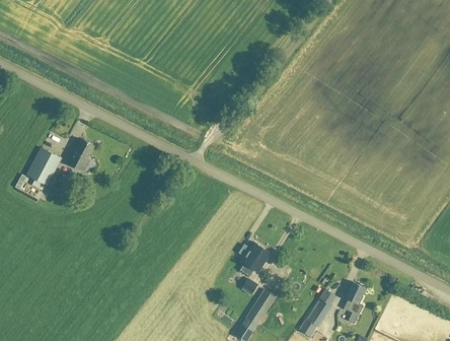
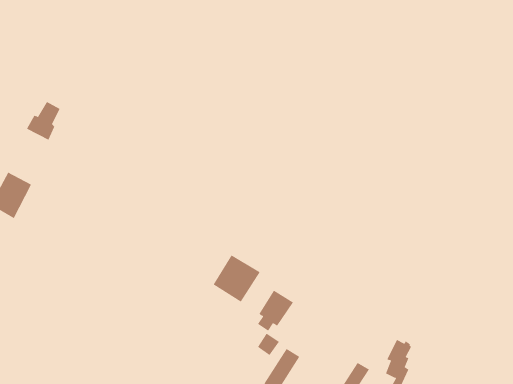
building: [65,140,92,172] -> [26,101,60,140]
building: none -> [213,255,260,302]

